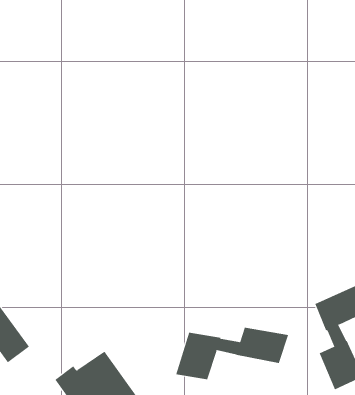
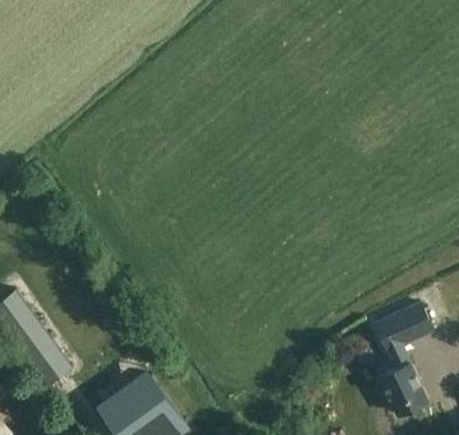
building: [175,327,289,380] -> none

